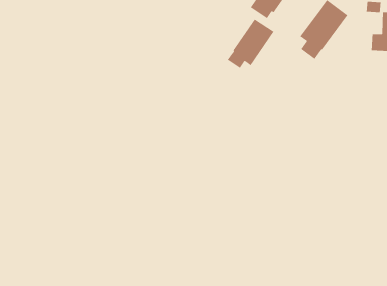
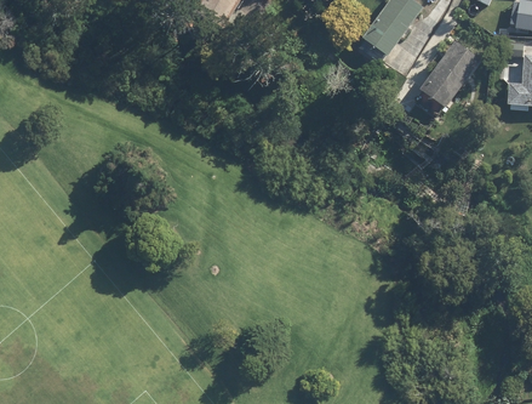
building: [227,18,275,69] -> none

